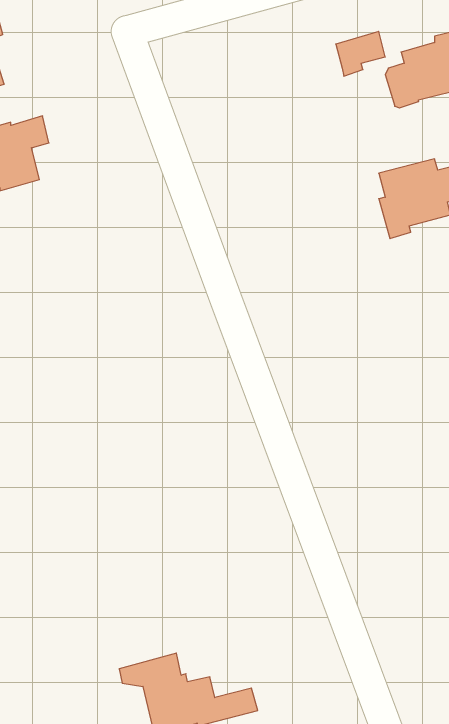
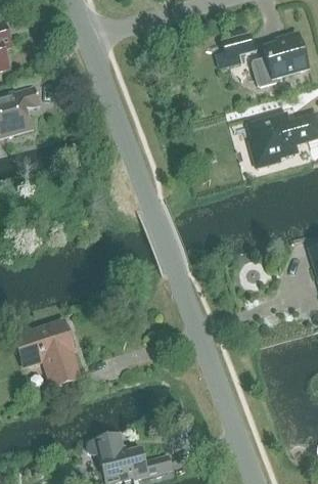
building: none -> [14,320,80,386]

